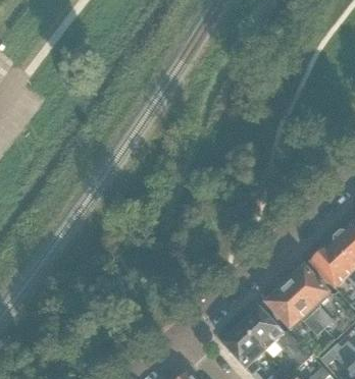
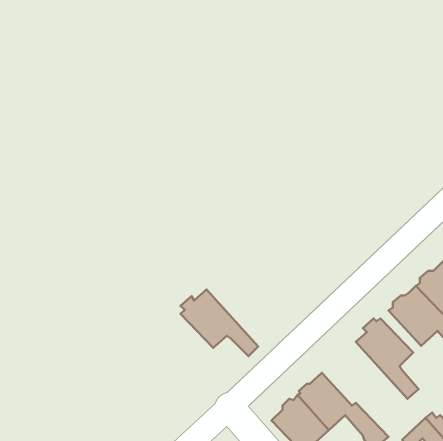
building: [266,284,324,334] -> [181,289,258,356]

